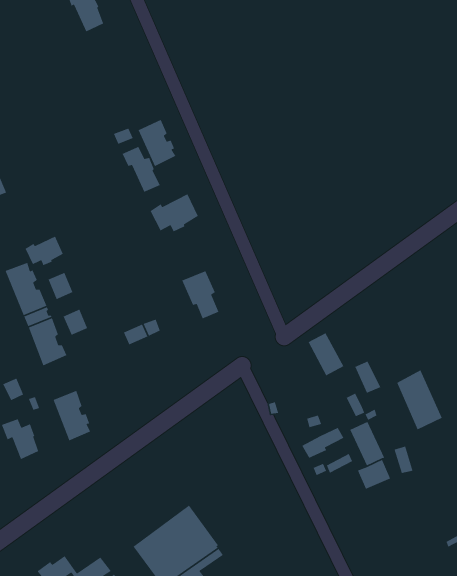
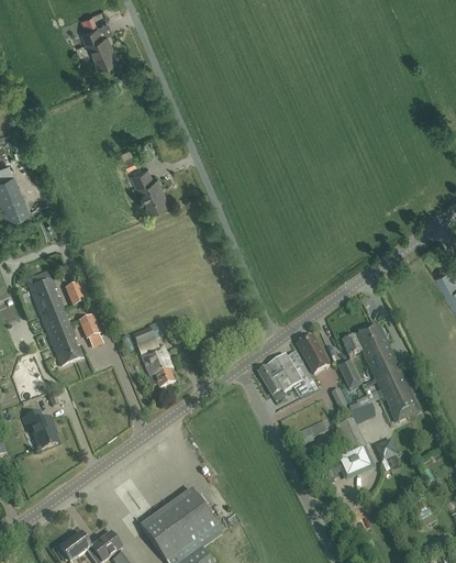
building: [138,119,177,167] -> none
building: [149,193,199,232] -> none
building: [24,236,64,266] -> none
building: [181,270,219,320] -> [141,343,175,387]
building: none -> [342,324,398,378]
building: none -> [258,354,315,394]
building: [53,390,91,441] -> none

